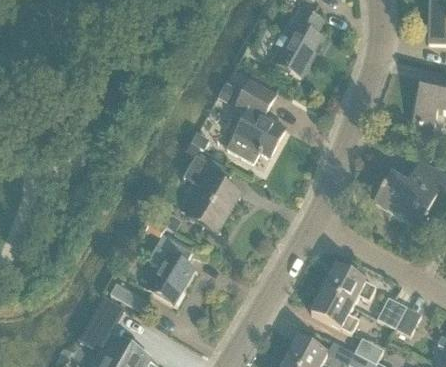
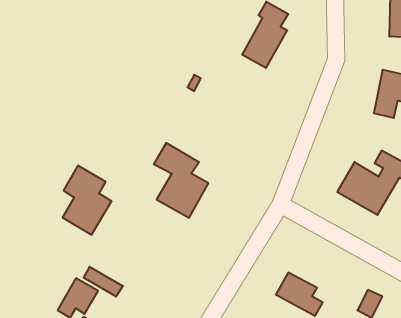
building: [226,78,285,163] -> none
building: [146,233,197,305] -> [63,166,112,235]
building: [323,265,376,304] -> none
building: [377,296,406,327] -> none

